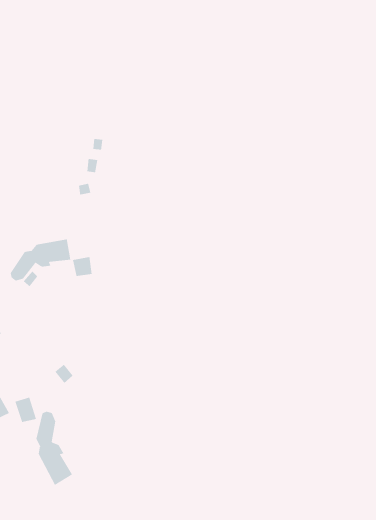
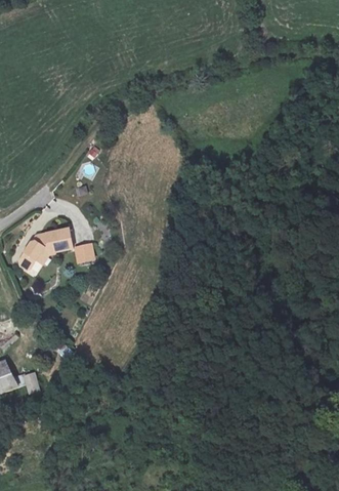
building: [36,411,73,486] -> none

